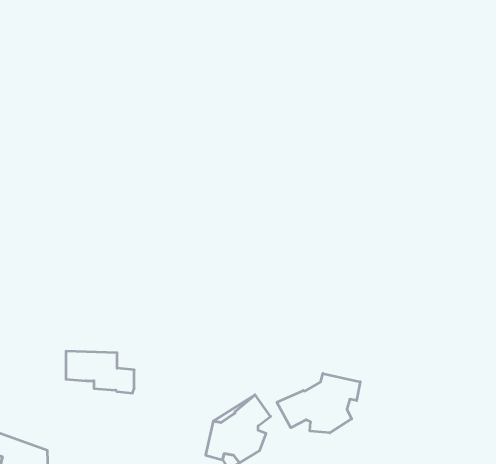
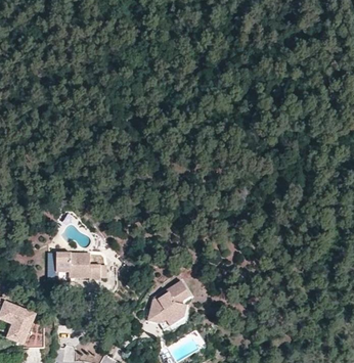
building: [277,373,360,433] -> none

